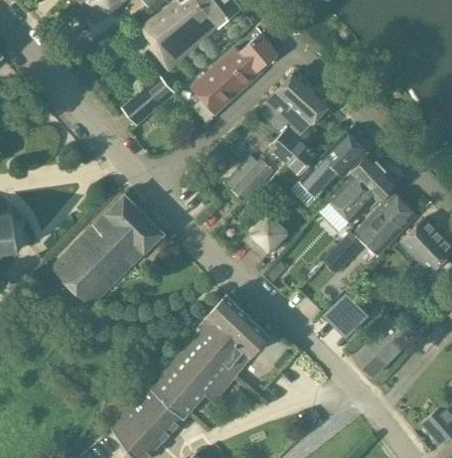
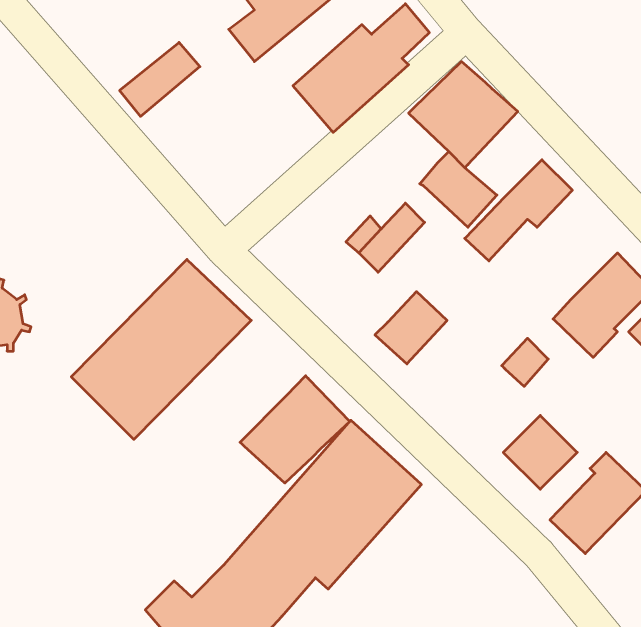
building: [120,79,170,125] -> [120,42,200,116]
building: [327,155,398,223] -> none
building: none -> [240,376,350,483]

